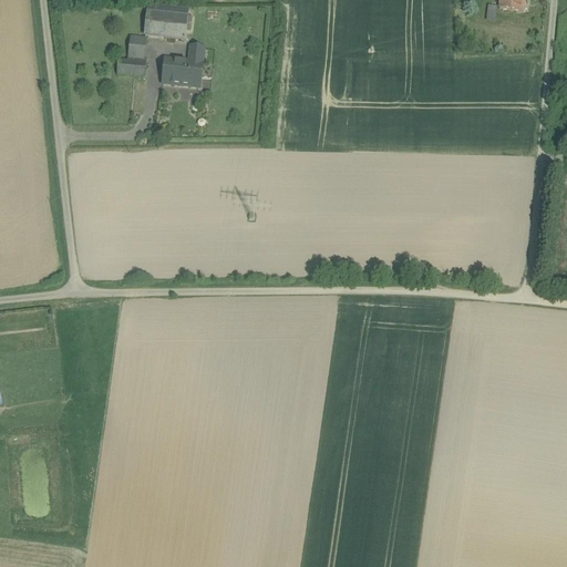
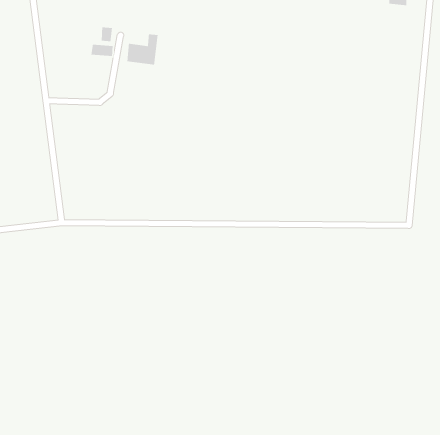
building: [145,9,187,35] -> none

